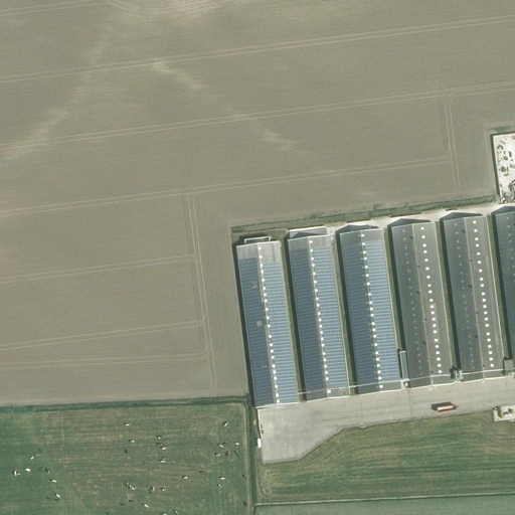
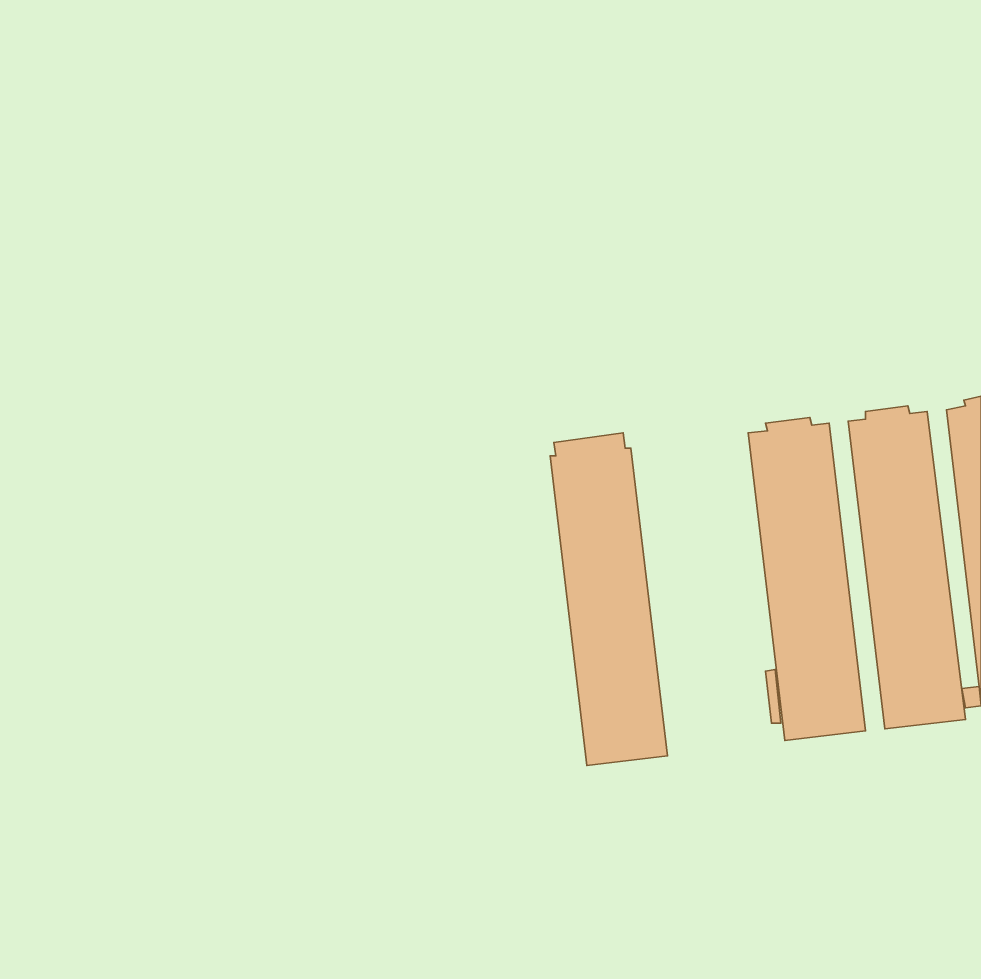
building: [339,223,401,394] -> none
building: [236,235,298,406] -> none

